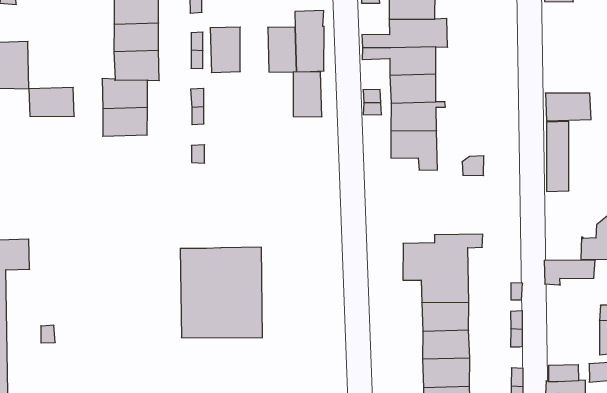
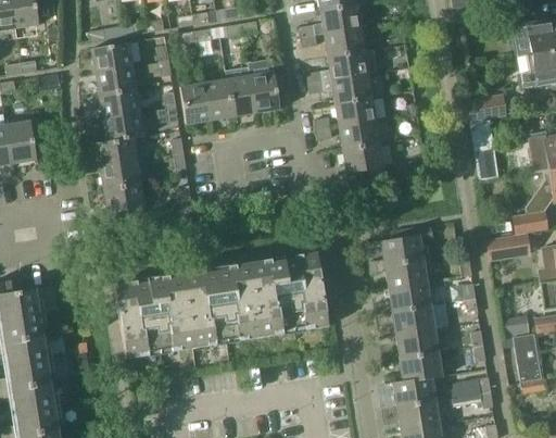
building: [293,72,322,117] -> [205,78,235,118]
building: [29,87,74,116] -> [104,183,146,212]
building: none -> [250,252,329,337]
building: none -> [115,273,194,358]

